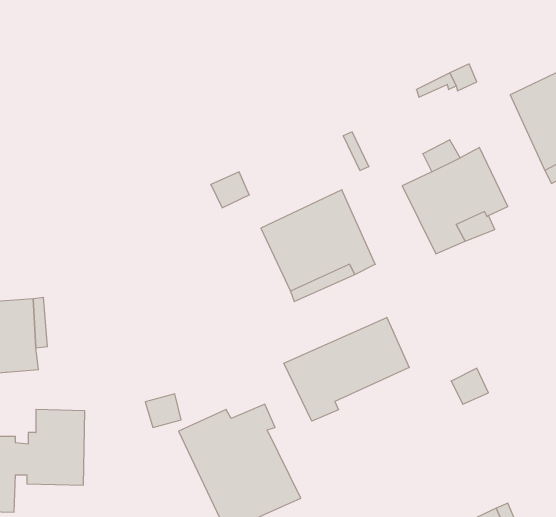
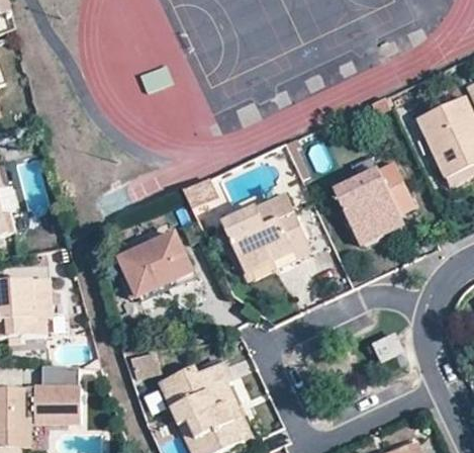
building: none -> [115,235,190,297]
building: [284,317,409,421] -> none

